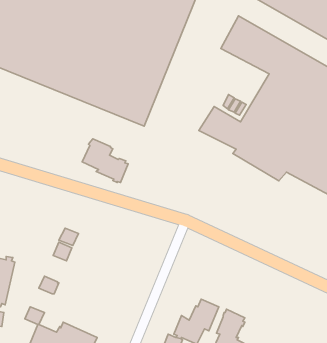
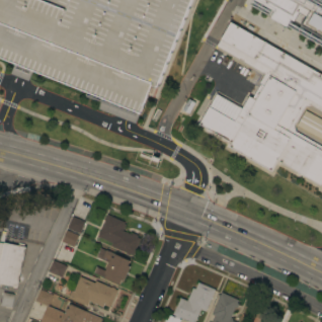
building: [82,139,128,183] -> [98,215,141,255]
building: none -> [94,247,130,284]
building: none -> [70,276,117,308]

